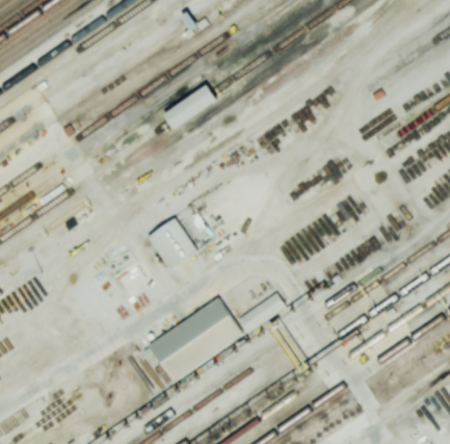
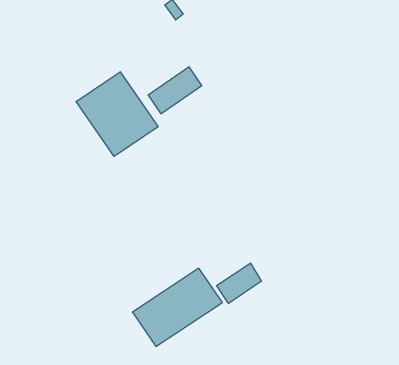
building: none -> [76,72,158,156]
building: [145,217,196,271] -> none

